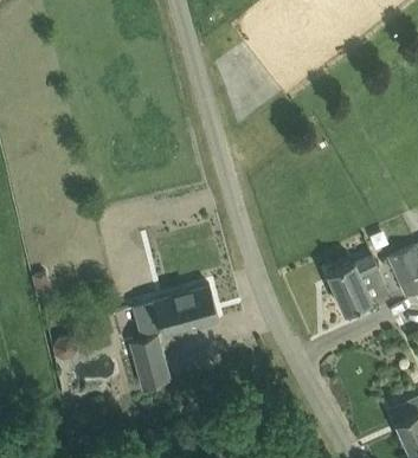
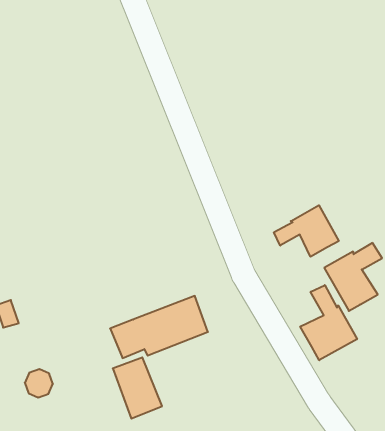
building: none -> [274,205,339,257]
building: none -> [300,285,357,360]

